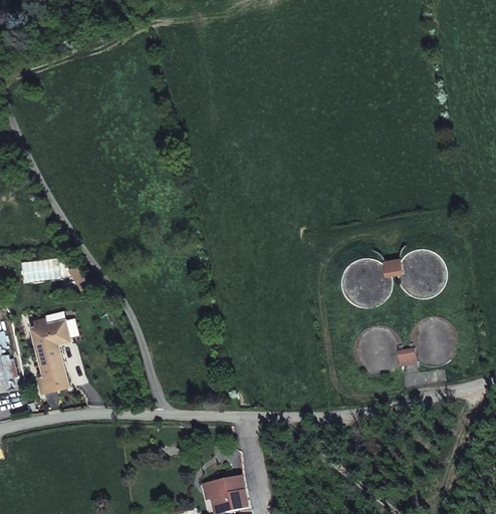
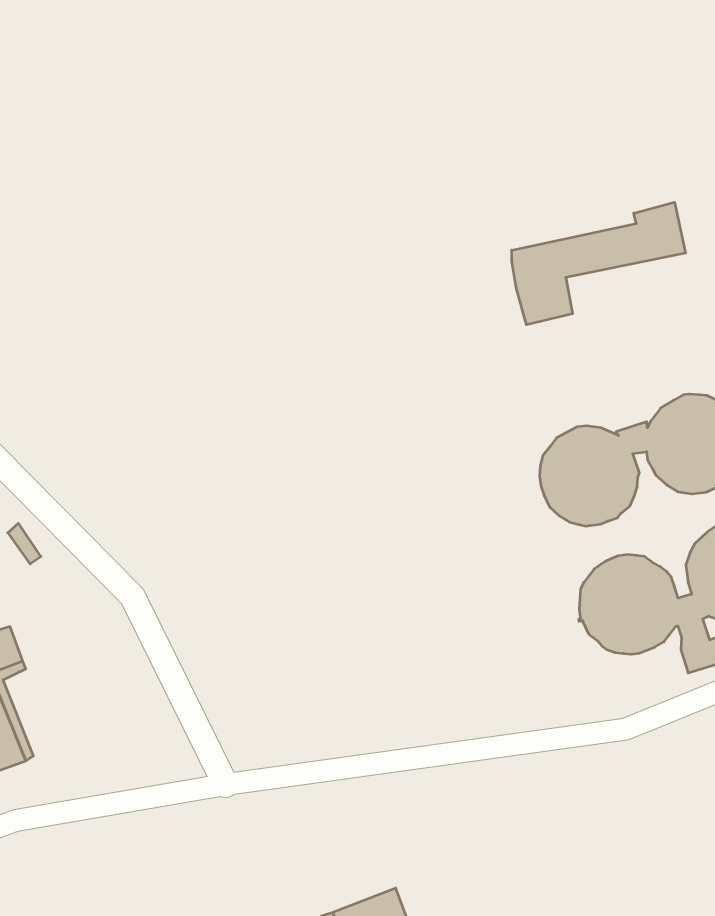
building: none -> [512,202,686,325]

